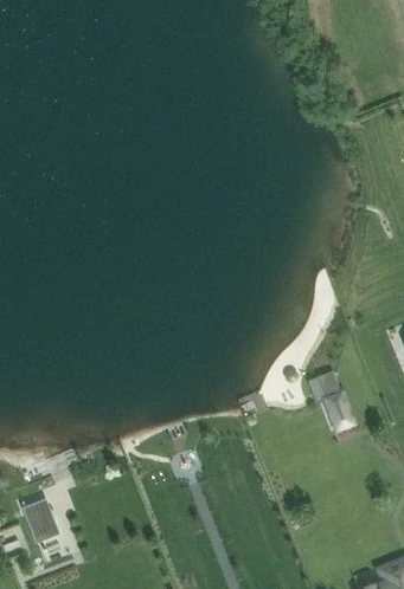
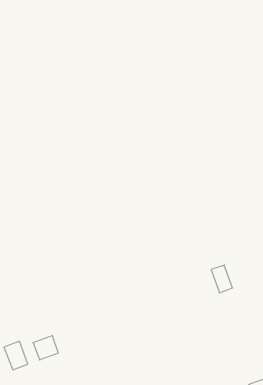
building: none -> [33,335,58,360]

